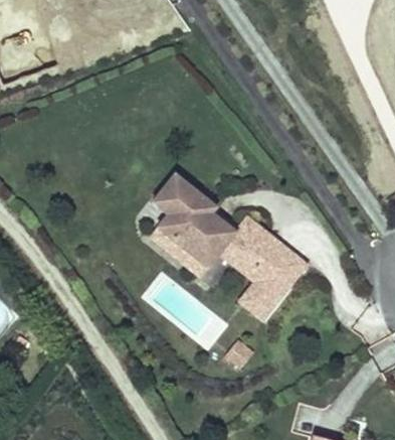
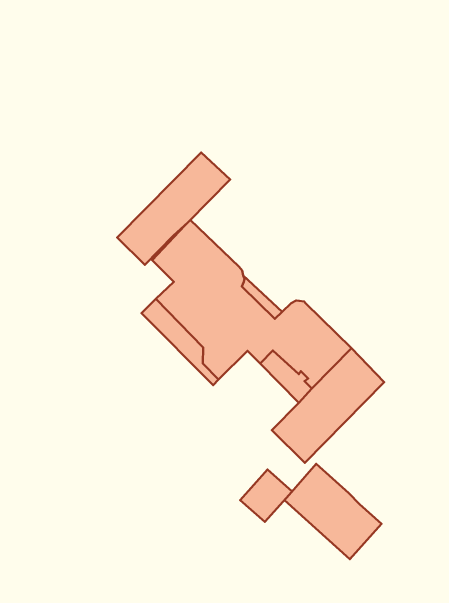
building: none -> [117,153,230,265]
building: none -> [285,464,382,559]

